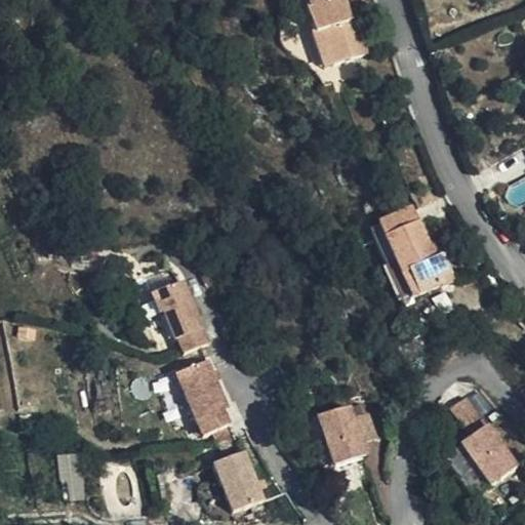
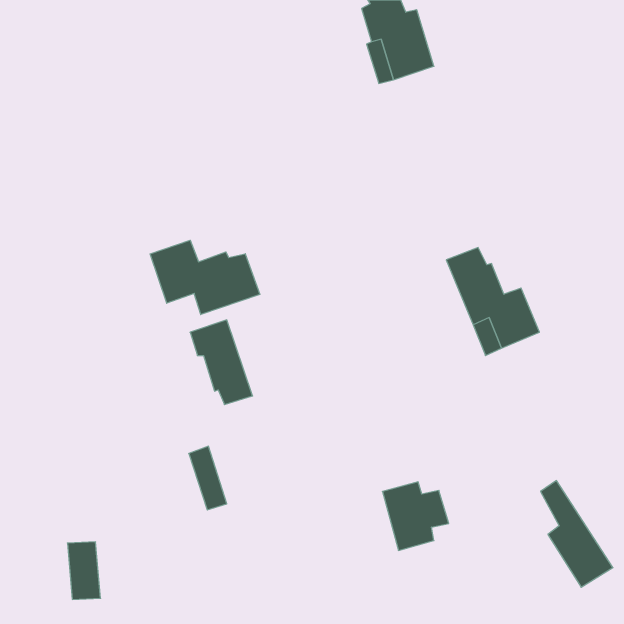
building: none -> [150,240,260,315]
building: [177,352,229,423] -> none
building: [210,445,258,503] -> none

